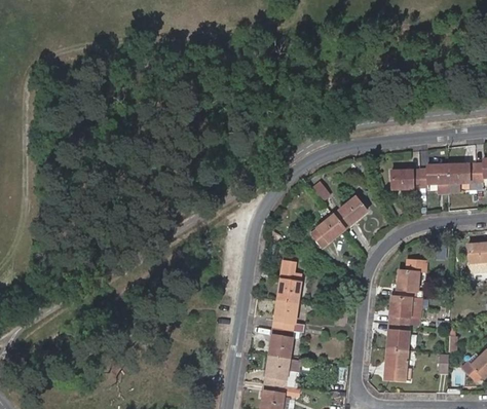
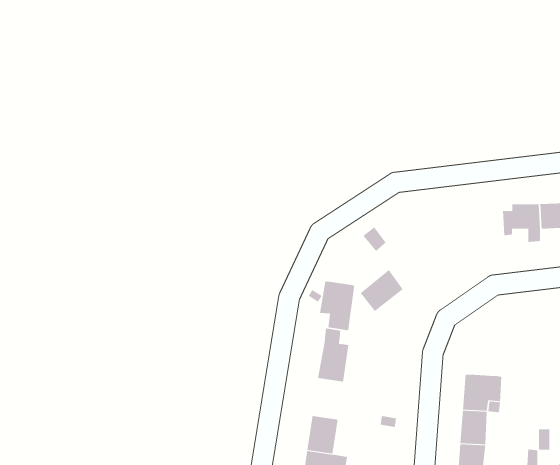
building: [392,170,421,189] -> none
building: [333,196,367,230] -> none
building: none -> [320,281,355,331]
building: [396,259,426,297] -> none
building: [273,299,306,333] -> none

